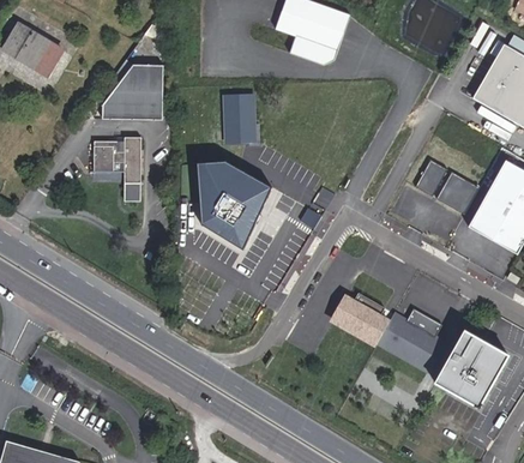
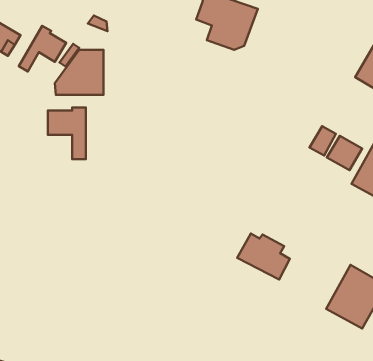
building: none -> [19,26,66,71]
building: [223,94,253,140] -> none
building: [197,162,271,251] -> none
building: [378,309,444,374] -> none

